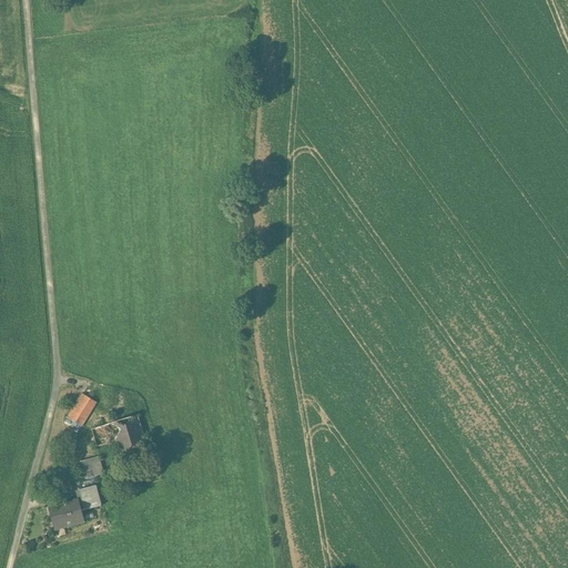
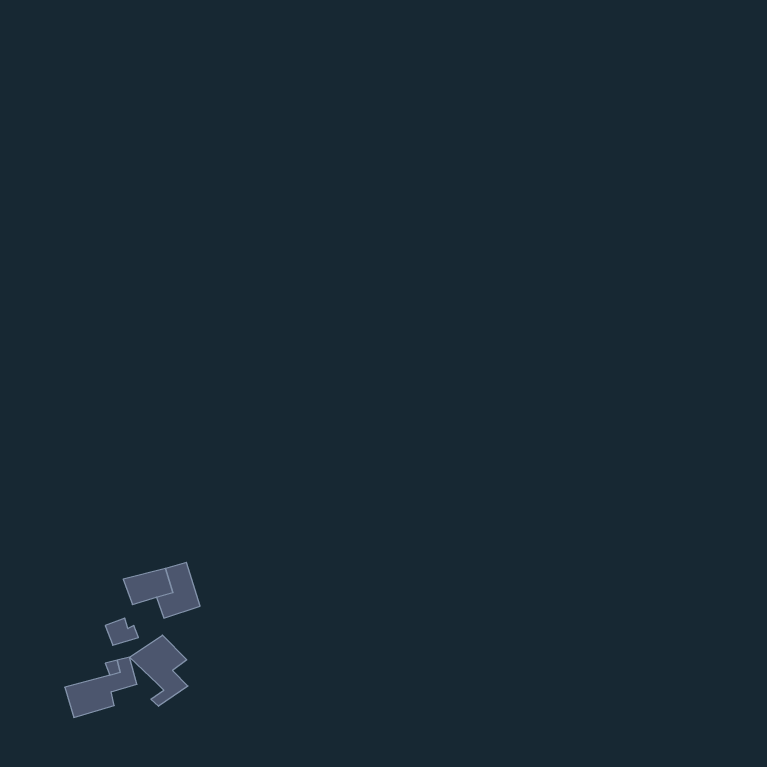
building: [67,394,95,425] -> none
building: none -> [129,635,188,706]

